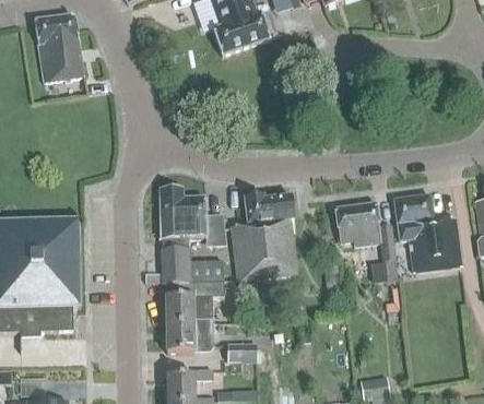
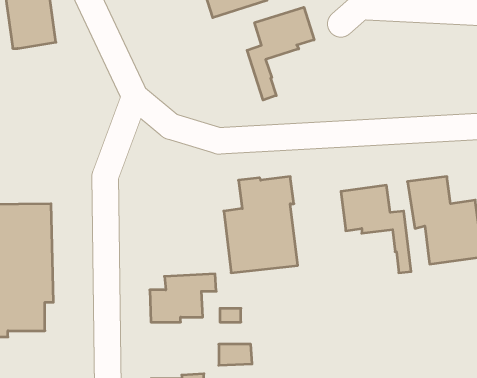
building: none -> [247,7,314,100]
building: [160,188,225,284] -> none
building: [166,319,212,352] -> none

